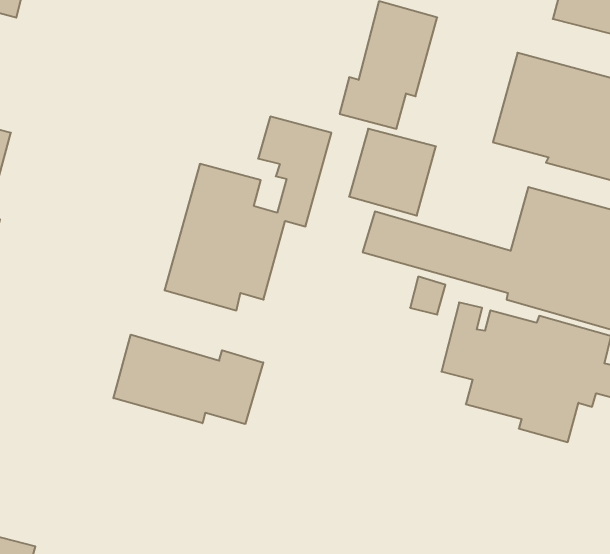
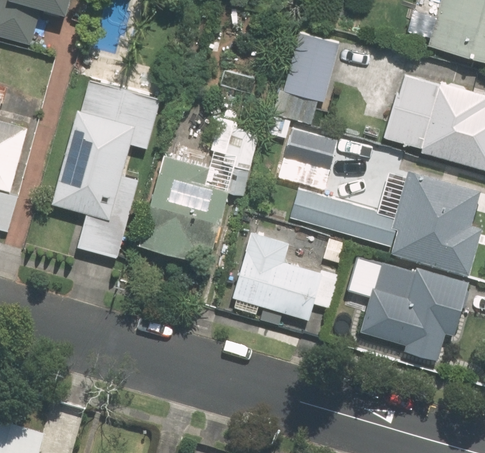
building: none -> [53,56,167,258]
building: none -> [231,232,337,321]
building: [113,335,263,424] -> none

